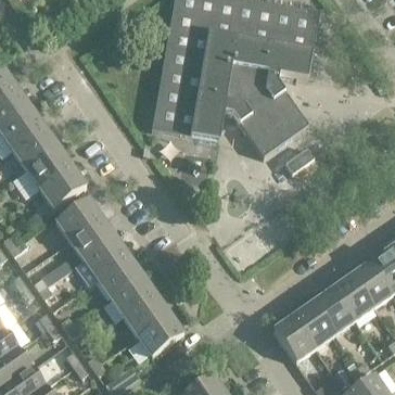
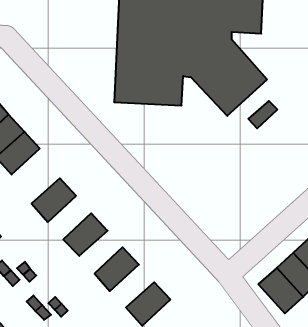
building: [40,165,86,208] -> none
building: [71,217,115,259] -> none
building: [98,256,142,297] -> none
building: [124,294,169,335] -> none

